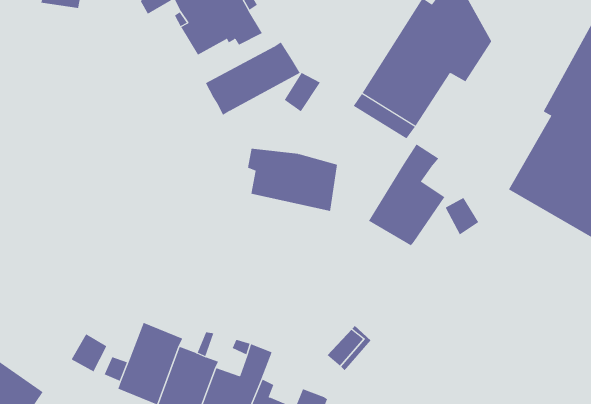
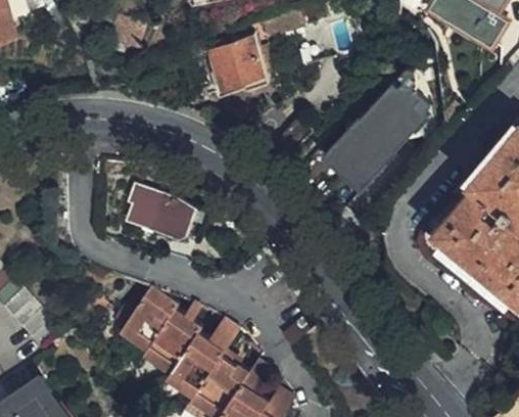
building: [205,42,301,116] -> none
building: [368,144,445,246] -> none
building: [247,148,338,211] -> [128,184,196,241]

